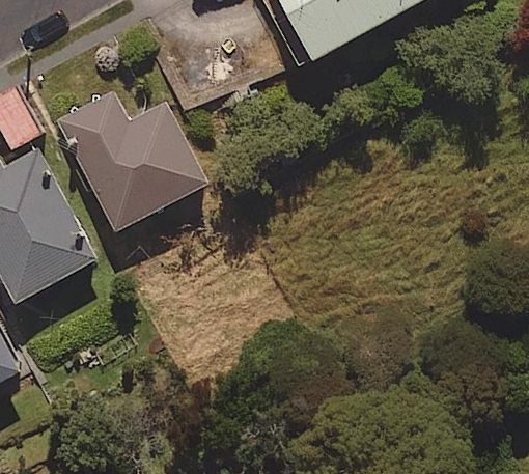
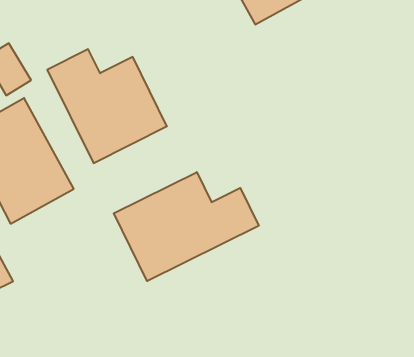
building: none -> [114,172,259,281]

